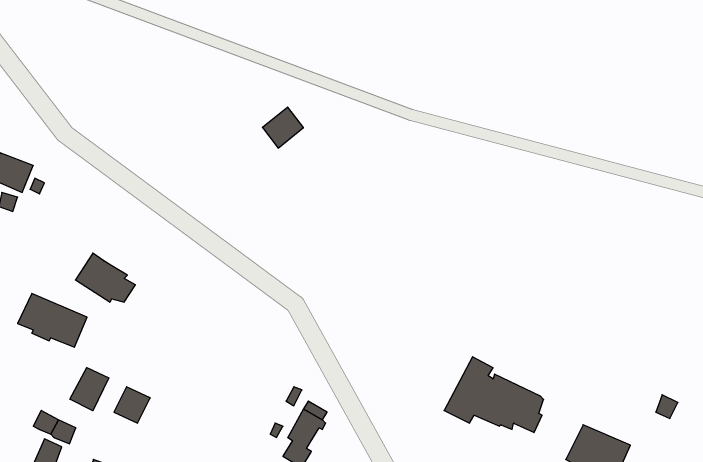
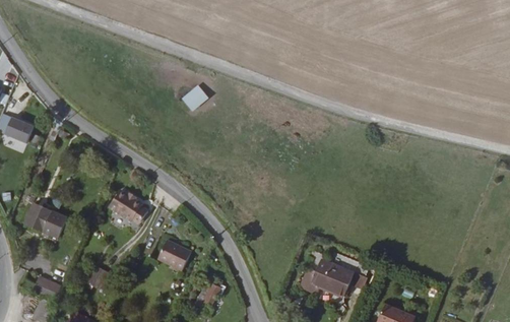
building: [75,253,135,302] -> [112,192,150,223]
building: none -> [158,238,192,269]
building: [70,368,109,411] -> none

